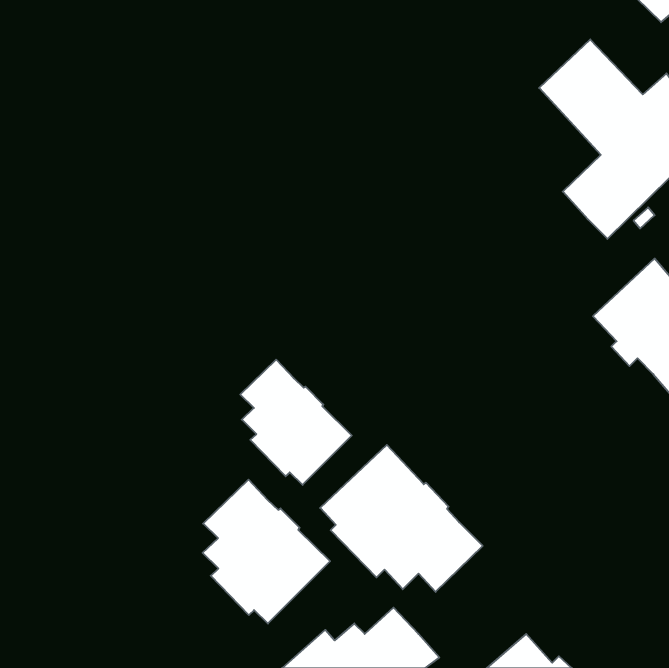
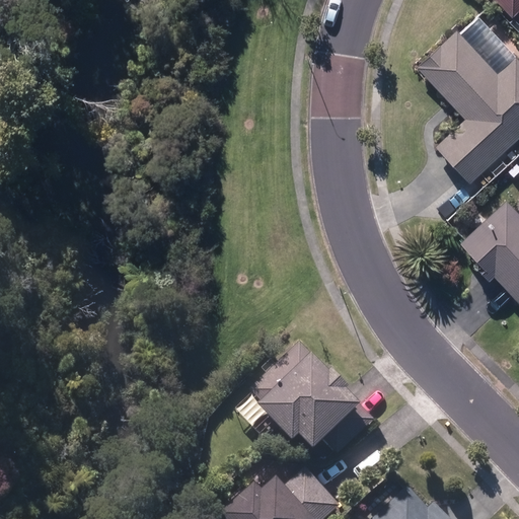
building: [240,360,352,485] -> none
building: [203,480,330,624] -> none

